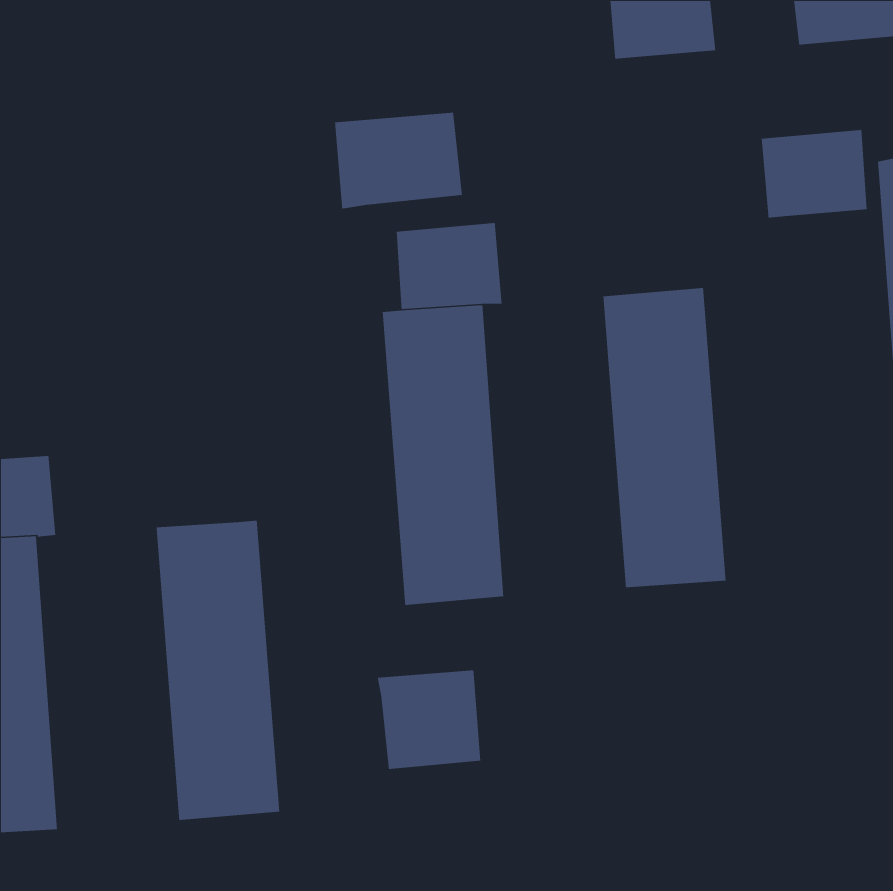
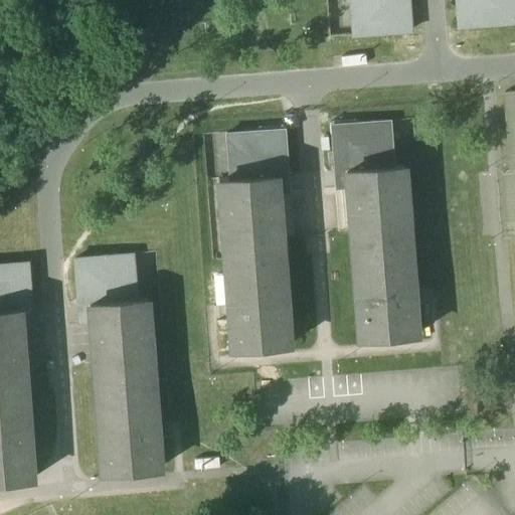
building: [334,112,463,210] -> none
building: [761,129,868,219] -> [333,122,394,173]
building: none -> [76,255,138,307]
building: [377,669,481,770] -> none

